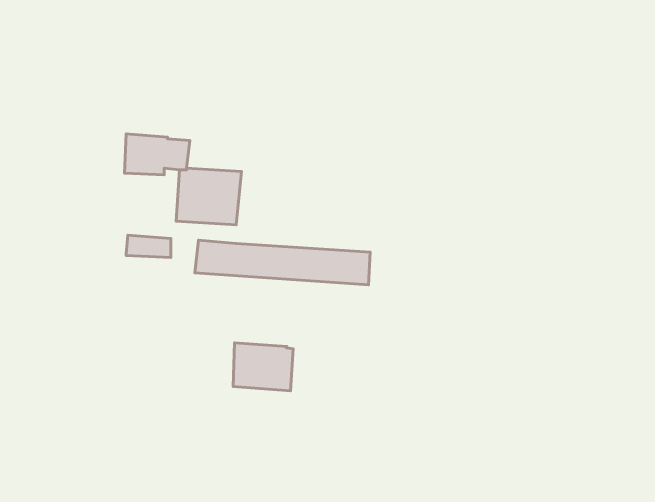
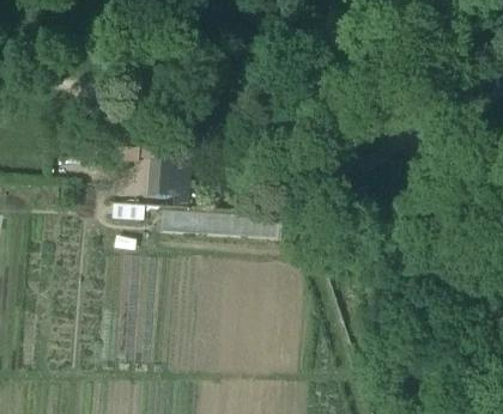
building: [233,343,293,391] -> none

